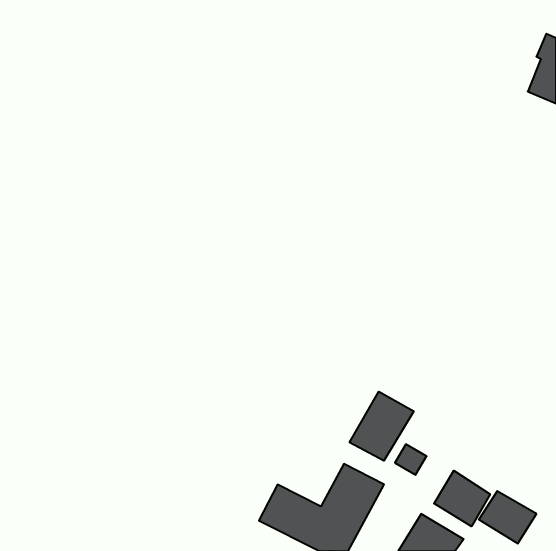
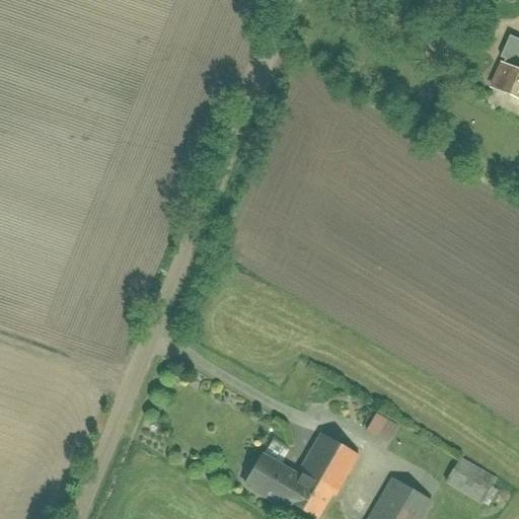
building: [350,392,414,461] -> none
building: [434,471,490,526] -> none

